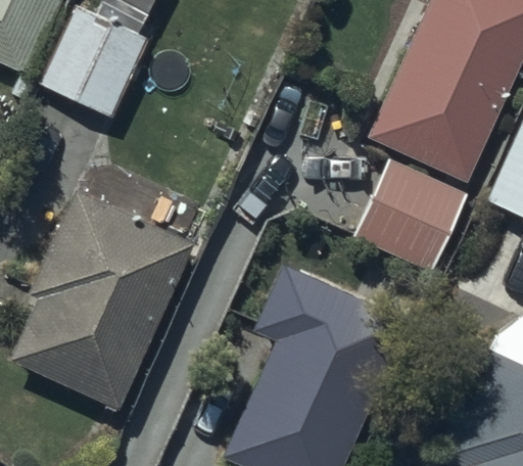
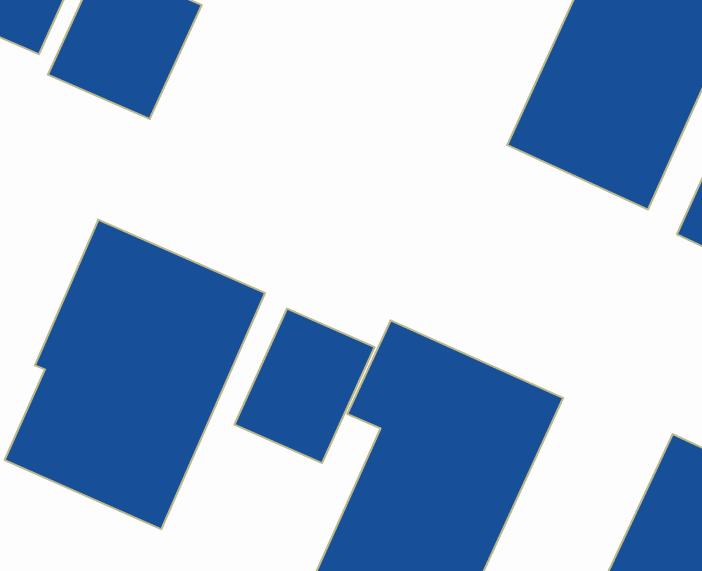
building: [354,157,466,272] -> none
building: none -> [235,309,374,463]

